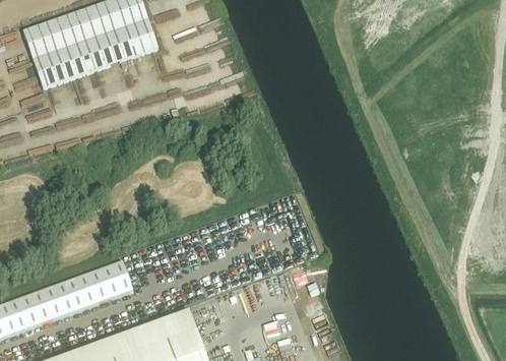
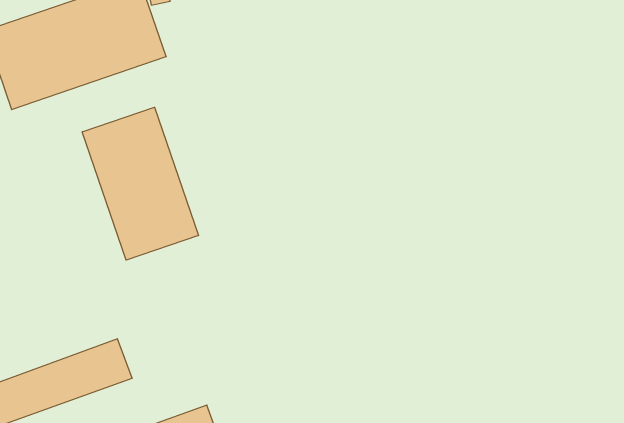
building: none -> [82,107,198,260]

